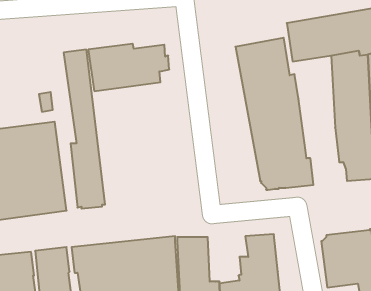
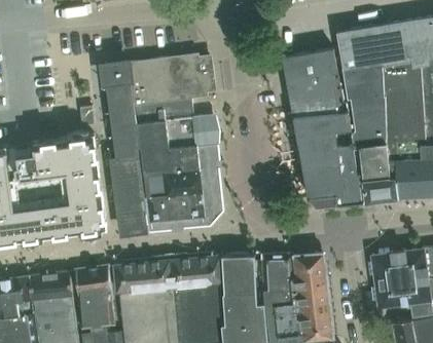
building: none -> [342,68,399,202]
building: none -> [135,98,214,222]
building: none -> [261,255,296,305]

